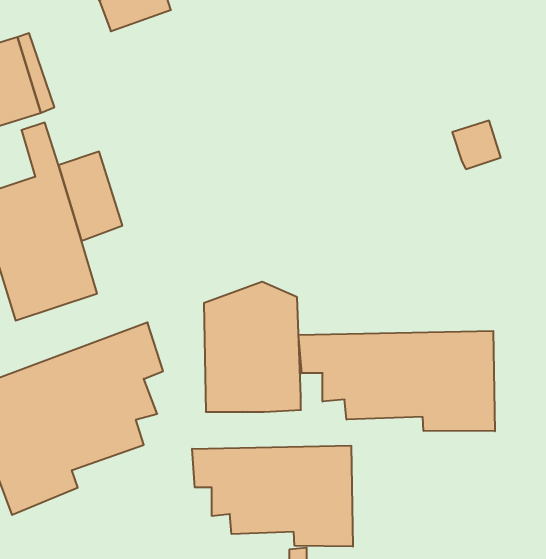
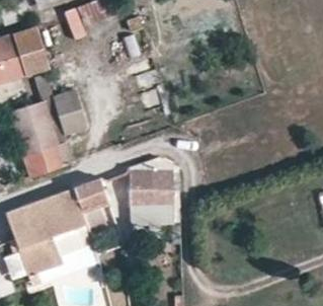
building: [298,331,495,431] -> none
building: [192,446,353,547] -> none

